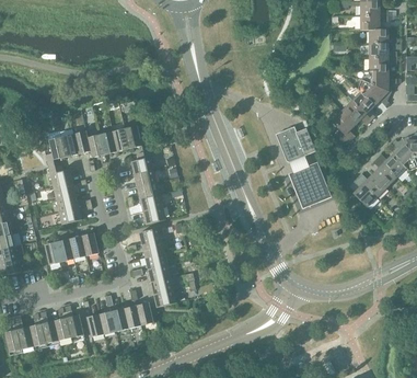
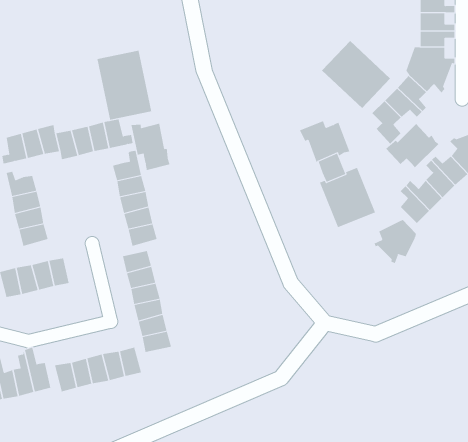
building: none -> [321,40,391,109]
building: none -> [97,50,152,121]
building: none -> [131,123,170,171]
building: none -> [385,123,440,168]
building: none -> [374,219,416,264]

